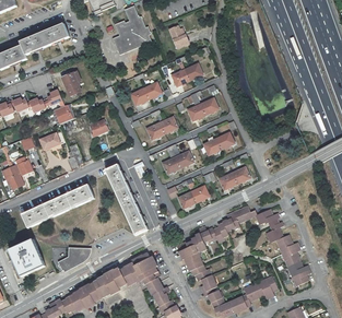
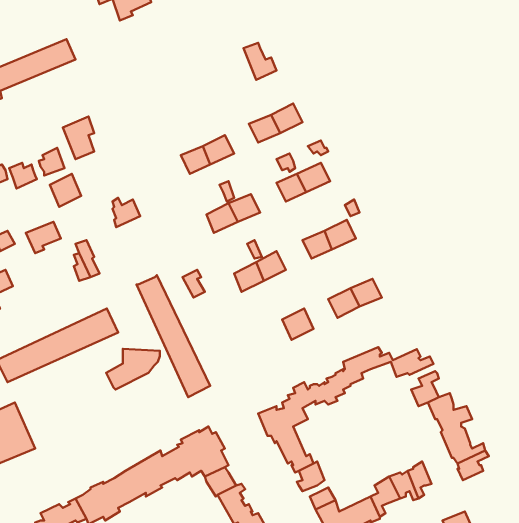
building: [113,5,151,54] -> none
building: [58,247,90,271] -> [106,349,160,389]

